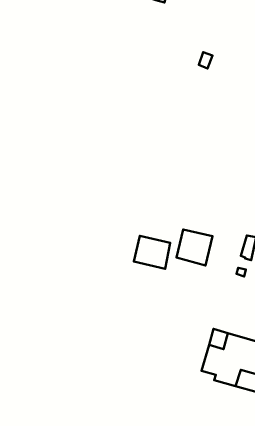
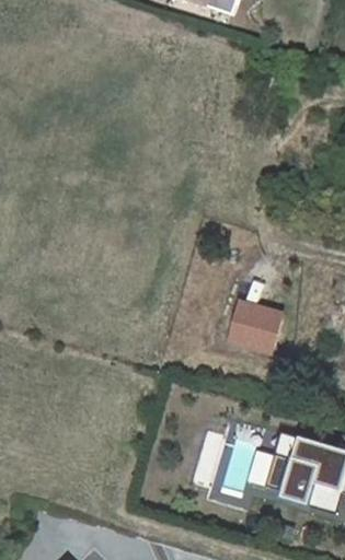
building: [134,236,170,269] -> none

